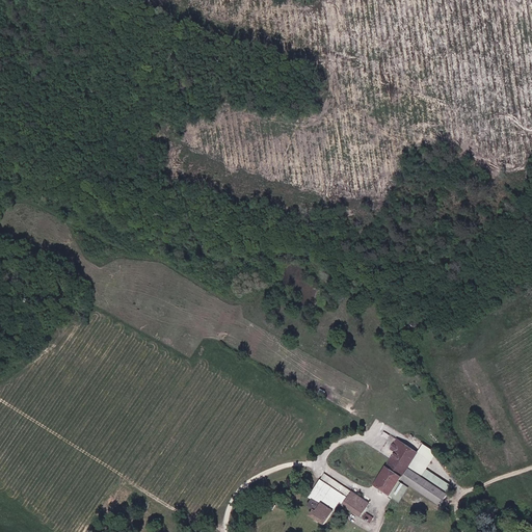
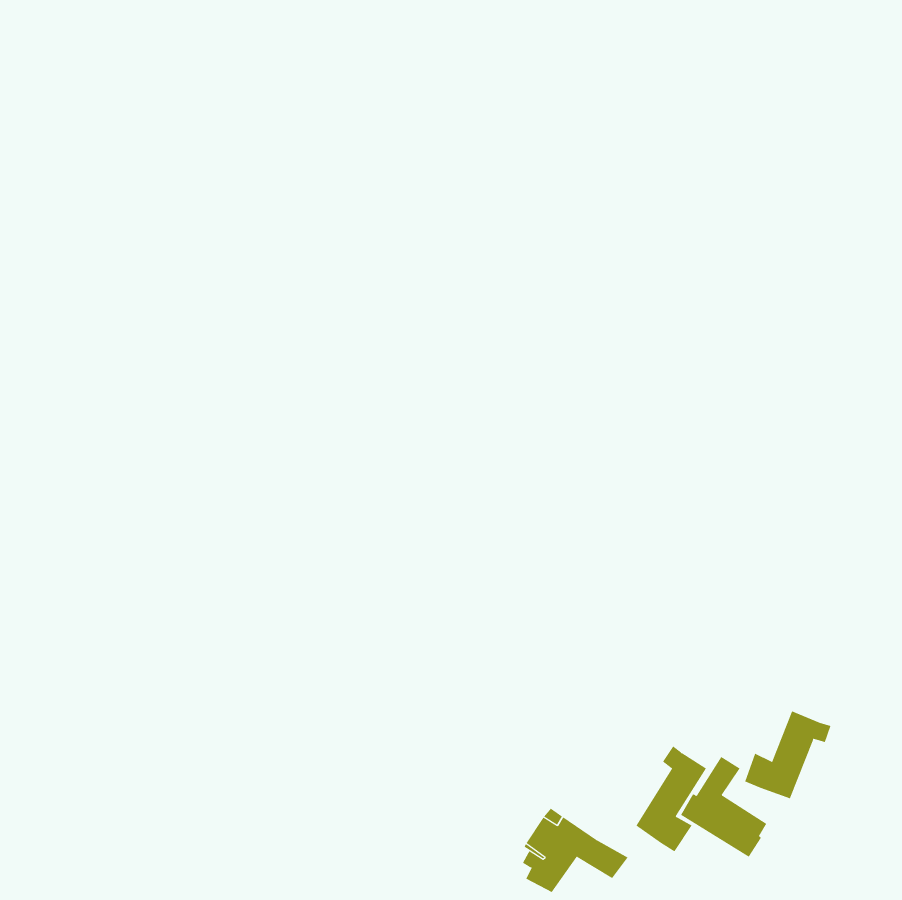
building: none -> [745,710,831,799]

